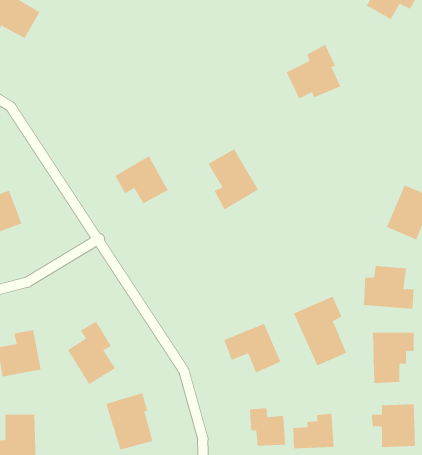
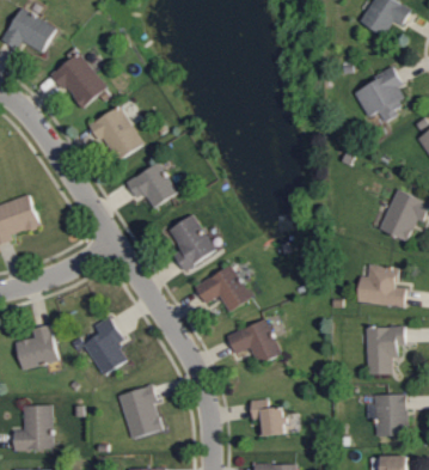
building: none -> [49,53,105,108]
building: [286,44,341,99] -> [355,66,406,117]
building: none -> [92,106,142,161]
building: [207,149,259,210] -> [167,214,215,271]
building: none -> [194,264,251,312]
building: [293,296,347,366] -> none
building: [293,413,334,449] -> none

